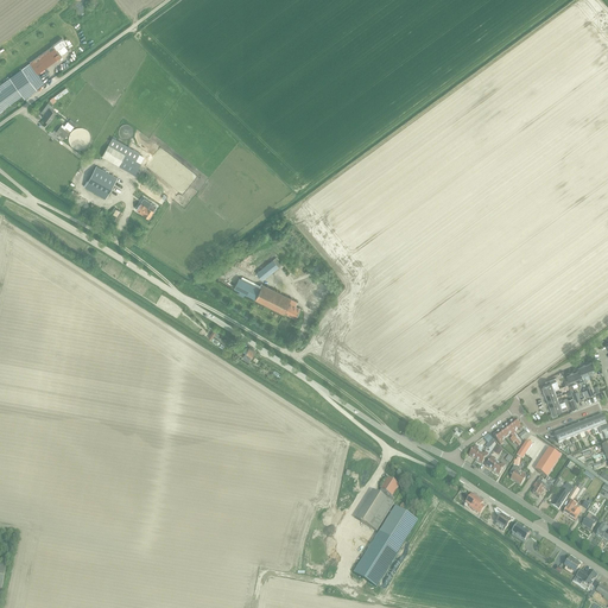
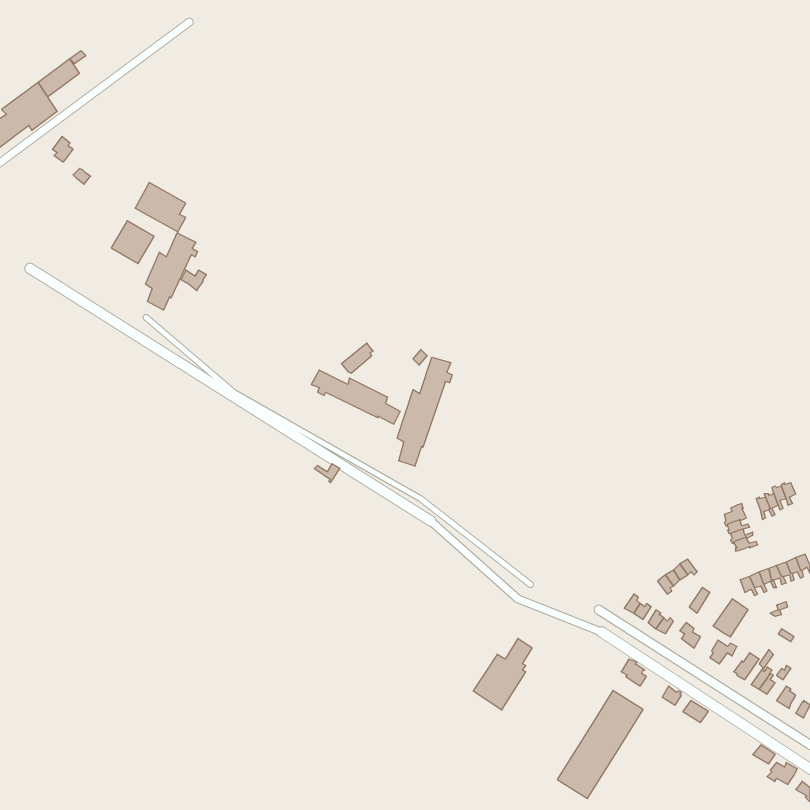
building: none -> [145,233,197,310]
building: none -> [397,357,452,466]
building: [353,506,417,587] -> [557,691,643,799]

